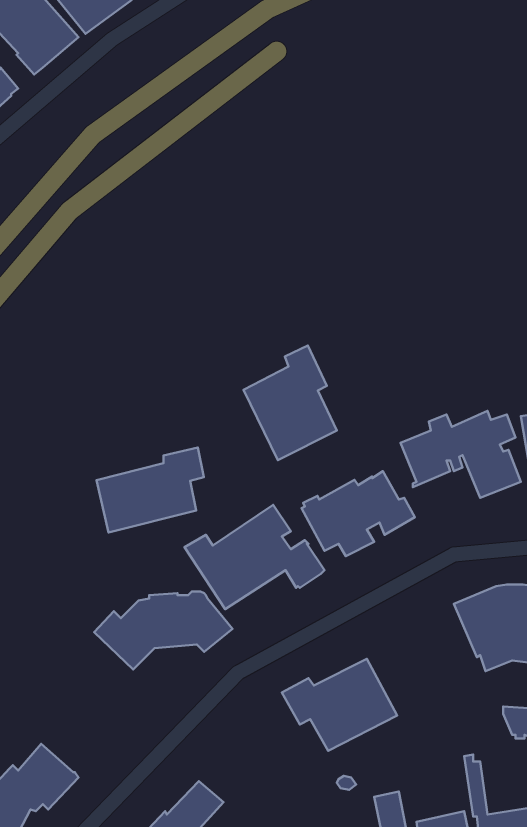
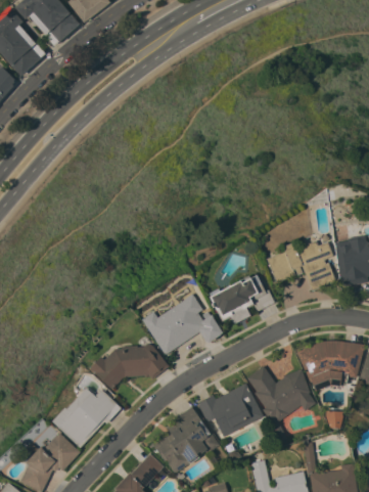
building: [243,345,337,460] -> none
building: [97,447,204,532] -> none
building: none -> [246,366,316,442]
building: none -> [51,388,121,448]
building: none -> [149,407,220,474]

